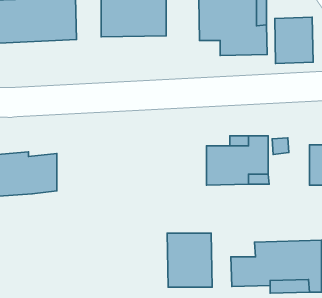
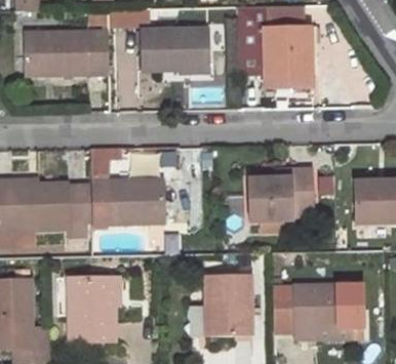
building: [275,17,313,64] -> none
building: none -> [94,175,165,224]
building: none -> [68,277,115,328]

